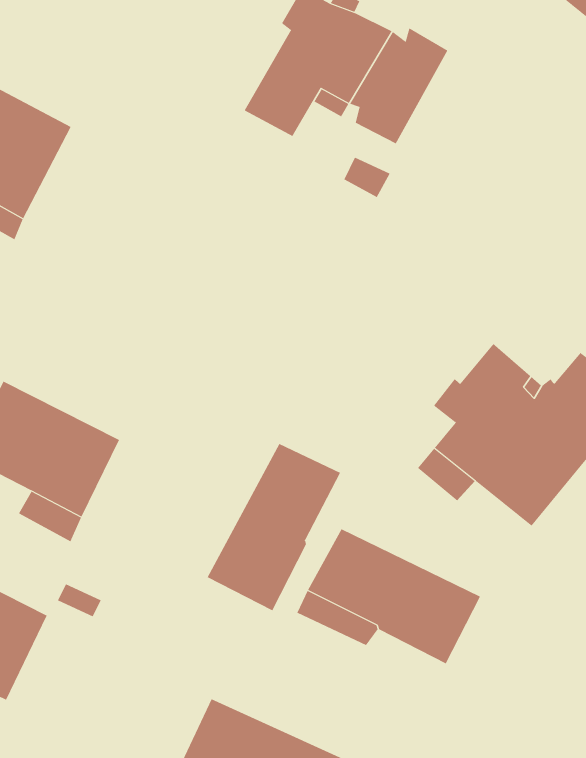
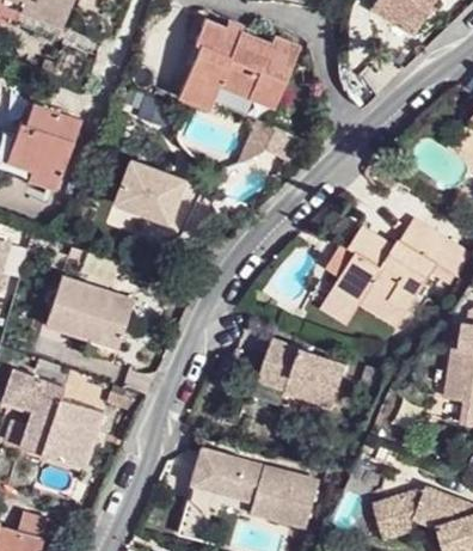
building: none -> [117,163,188,226]
building: [207,443,341,611] -> none

